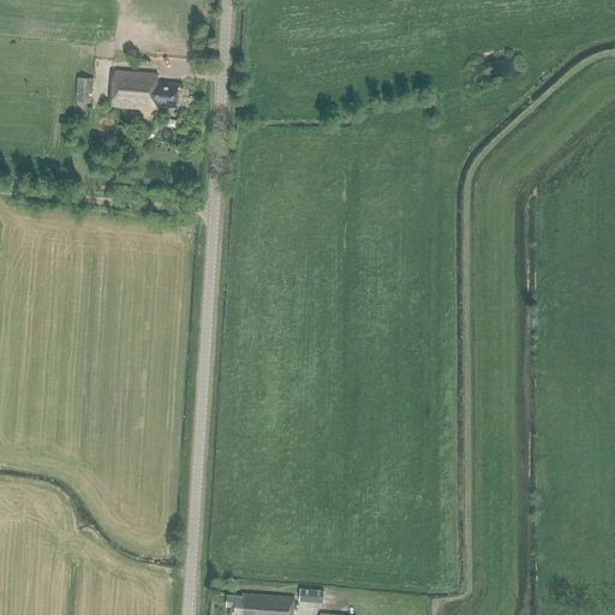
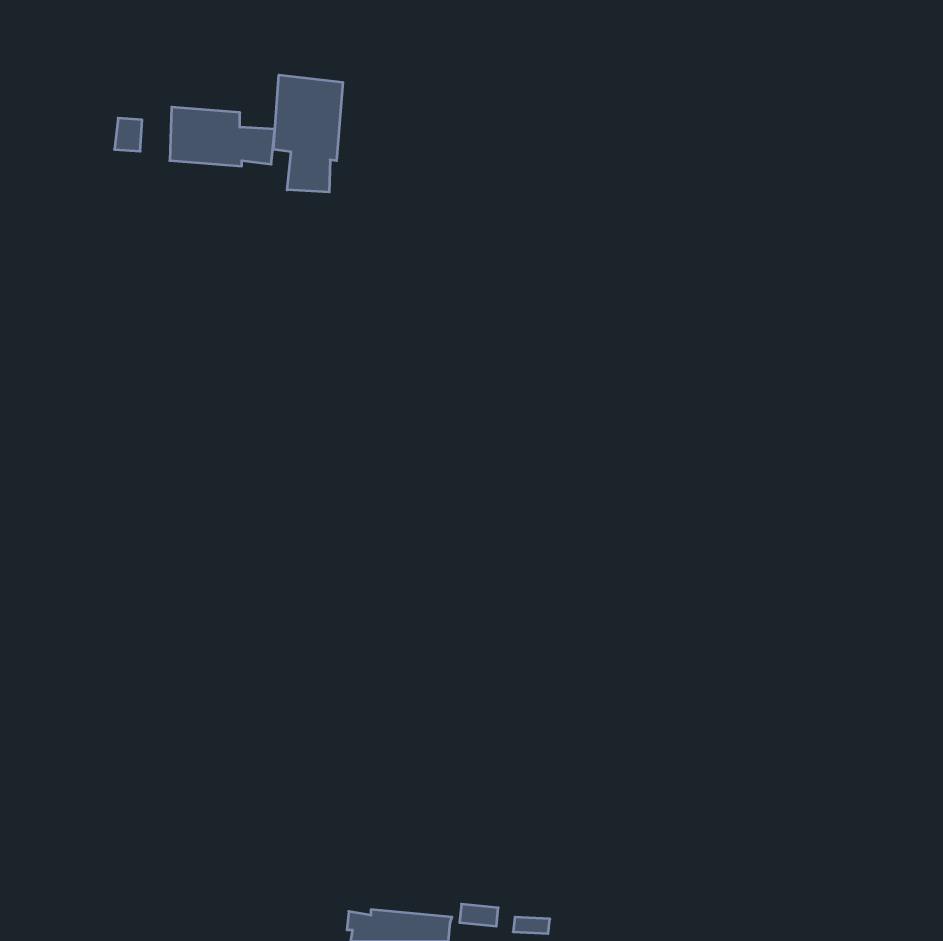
building: none -> [274,75,343,192]

